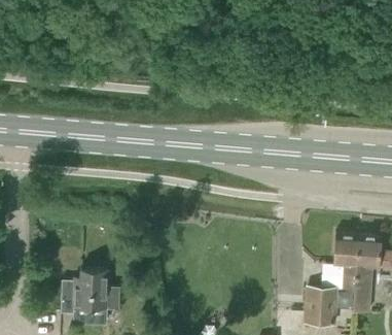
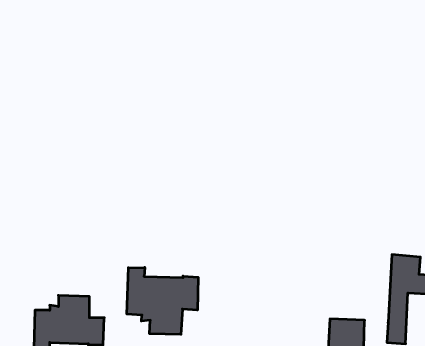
building: [333,235,358,293] -> none
building: none -> [127,267,198,334]

